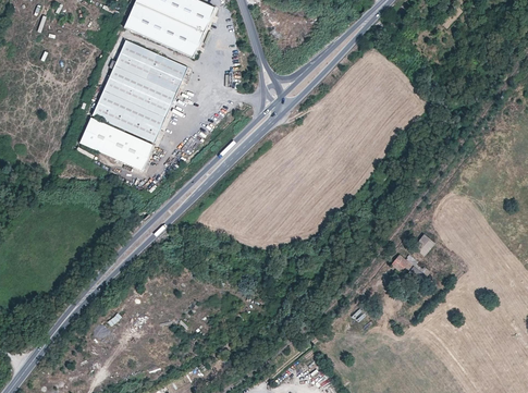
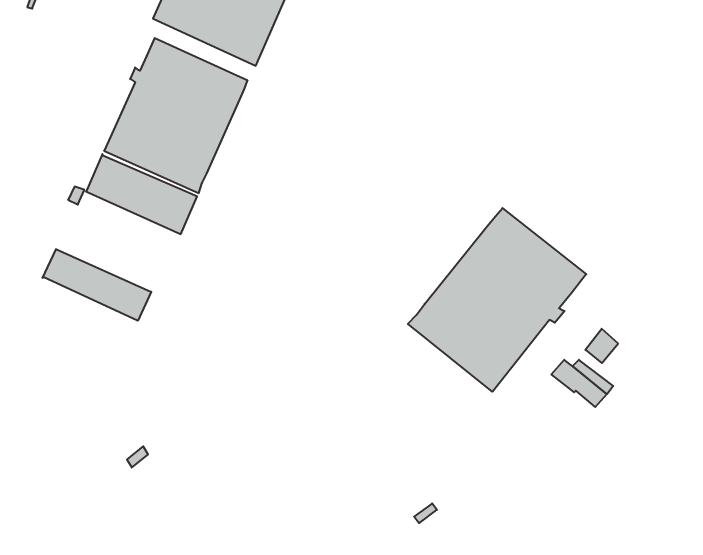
building: none -> [408,208,586,392]
building: none -> [43,249,151,321]

